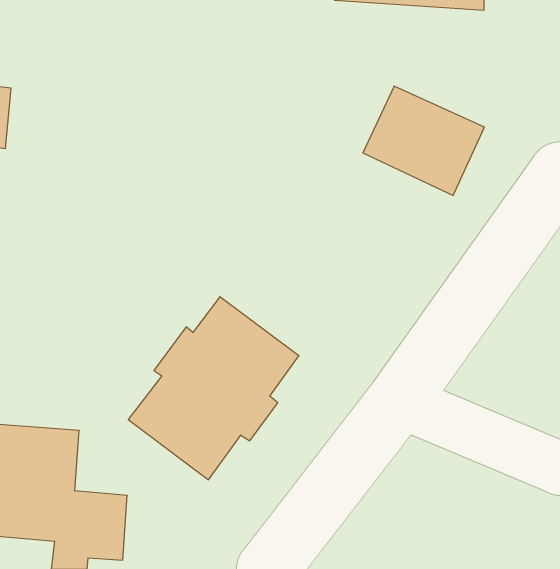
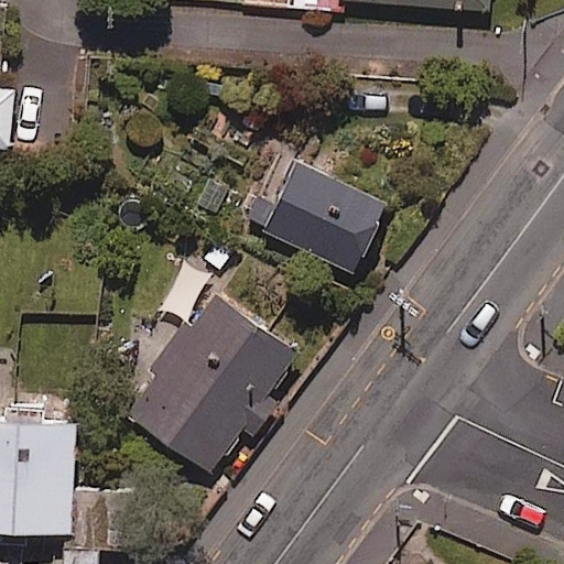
building: [363,86,484,195] -> [258,162,378,270]

